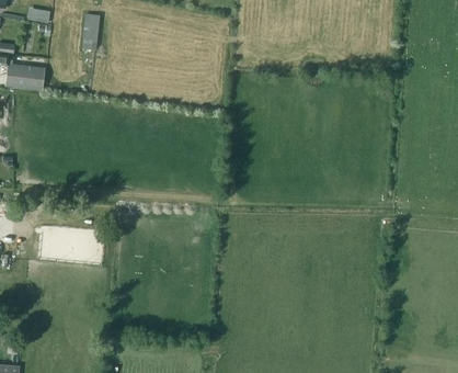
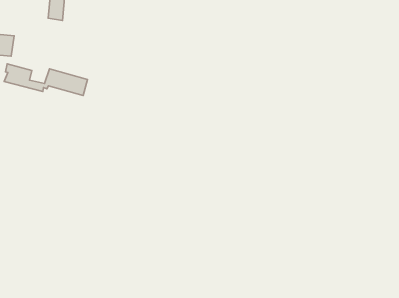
building: none -> [4,64,88,95]

